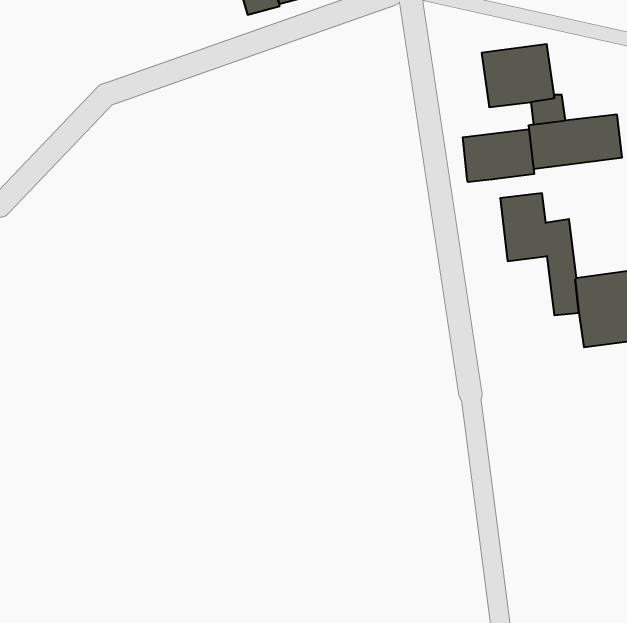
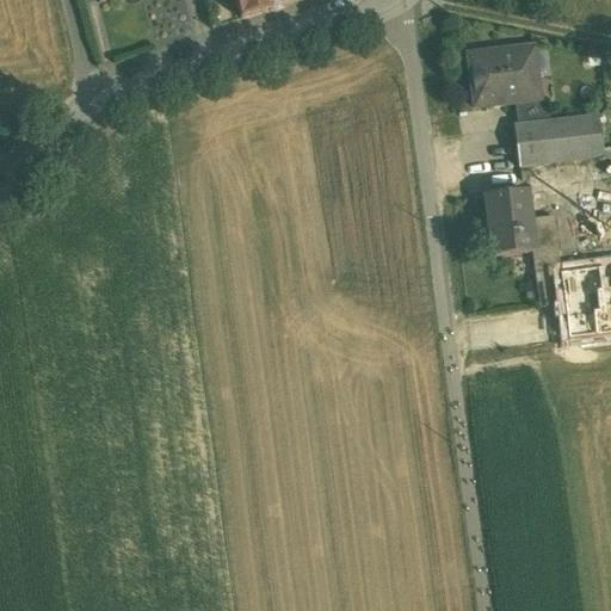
building: [463,129,534,182] -> none

